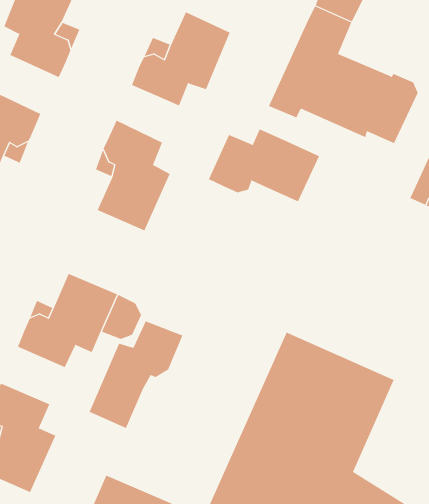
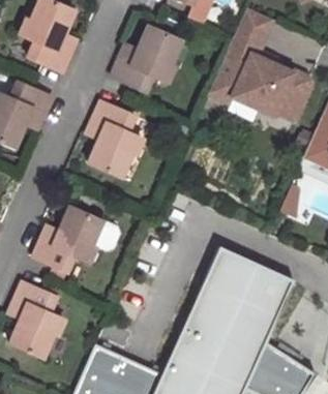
building: [208,128,320,202] -> none
building: [89,321,183,429] -> none

